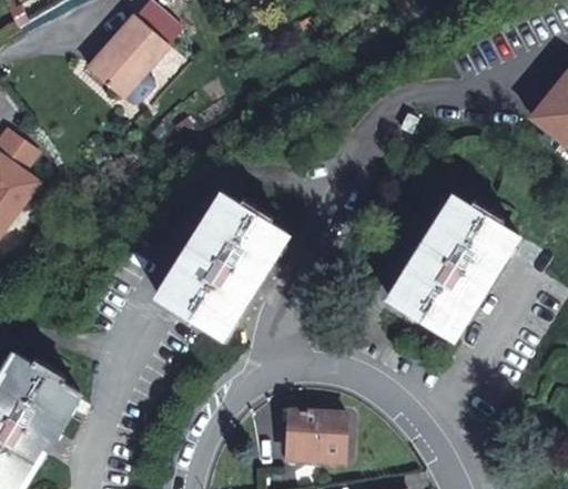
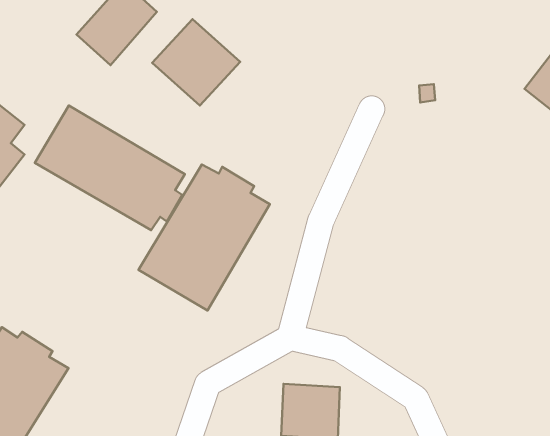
building: none -> [152,19,240,105]
building: none -> [35,105,185,230]
building: [388,195,519,340] -> none

